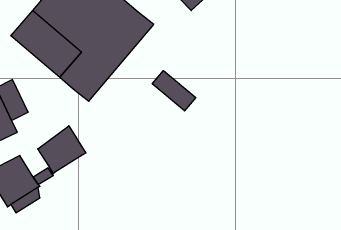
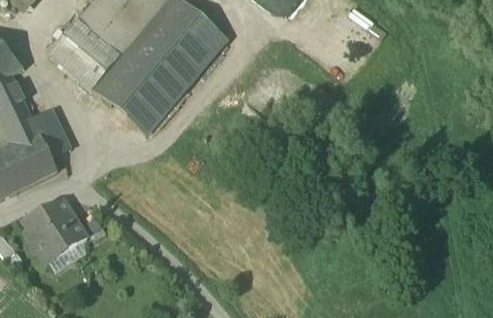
building: [152,71,196,111] -> none
building: [38,126,86,174] -> none

